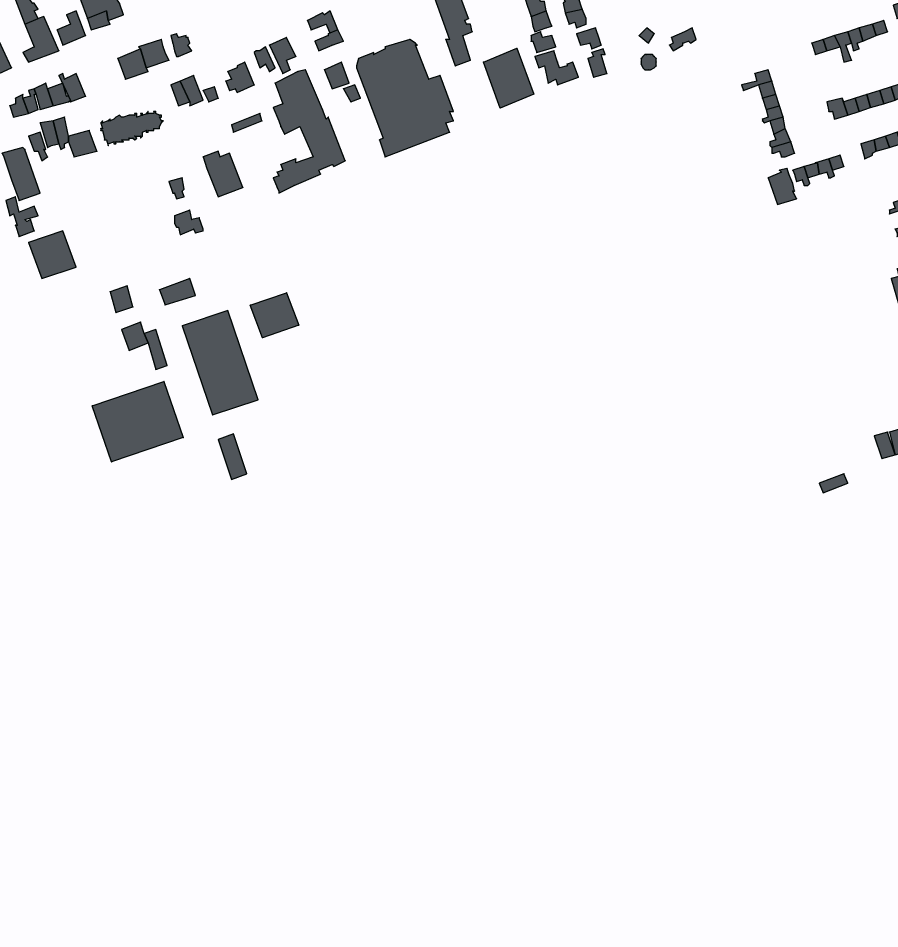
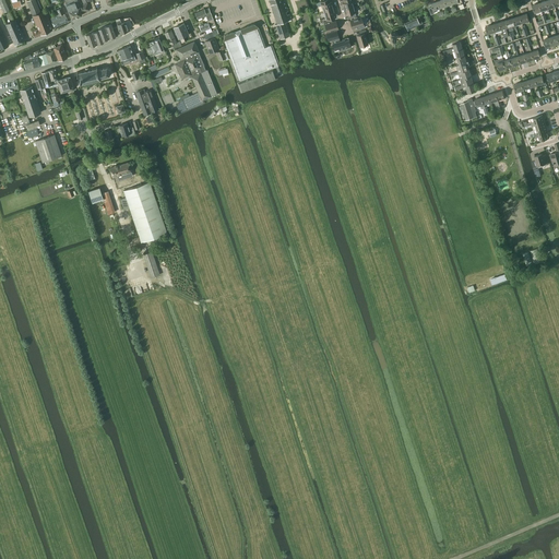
building: [483,48,534,108] -> none
building: [250,293,299,338] -> none
building: [92,381,183,462] -> none

